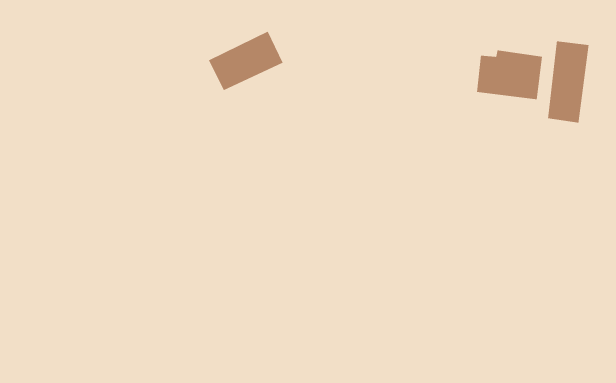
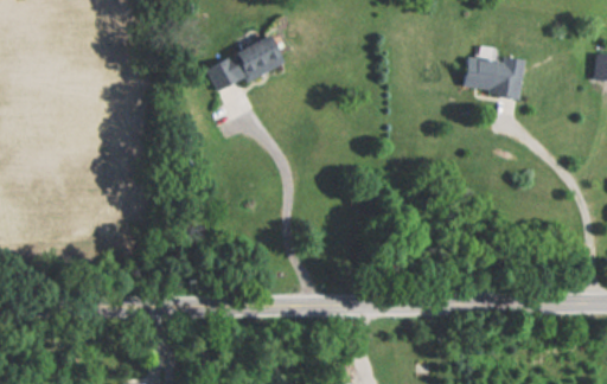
building: [547,41,589,123] -> none

